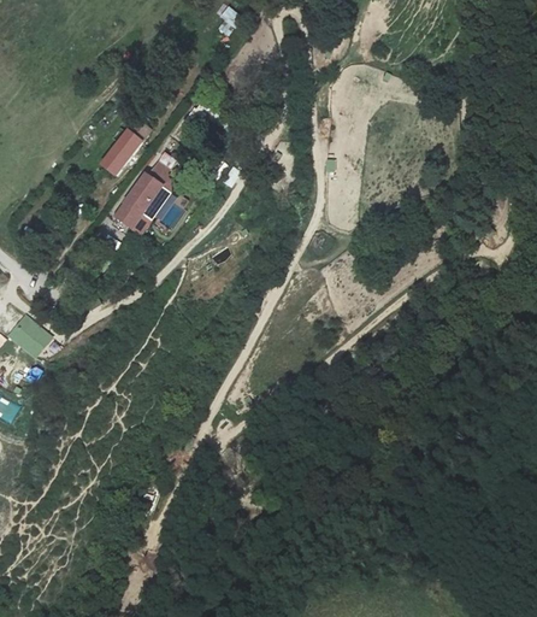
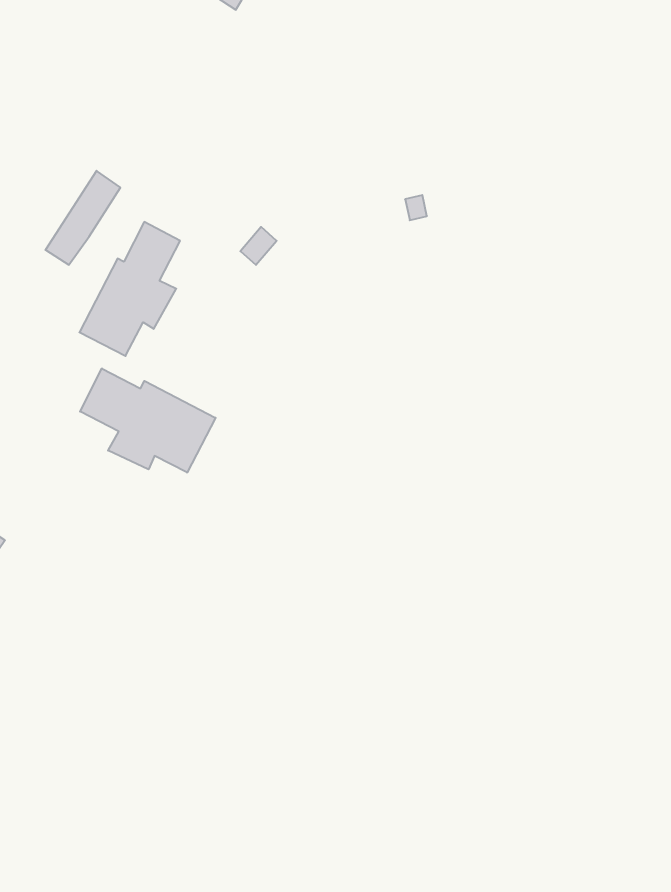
building: none -> [80,368,216,473]

